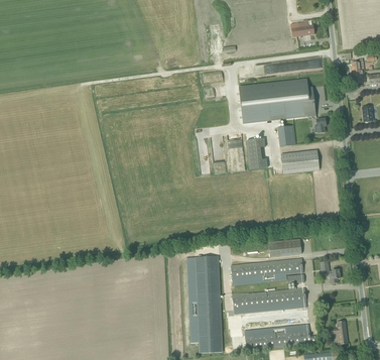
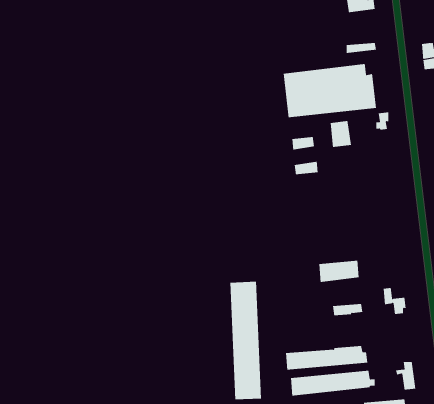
building: [280,149,319,172] -> none
building: [231,257,302,278] -> none
building: [232,286,306,309] -> none

